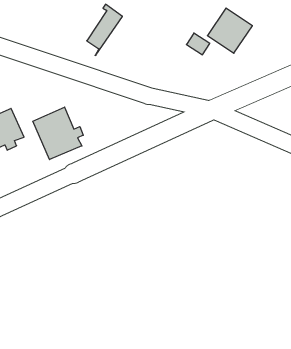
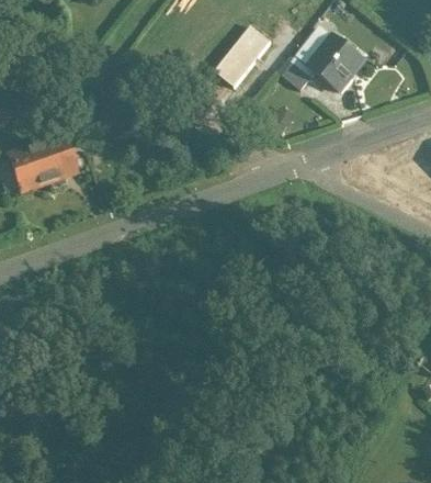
building: [87,4,122,55] -> [224,25,270,87]
building: [33,107,83,160] -> none

